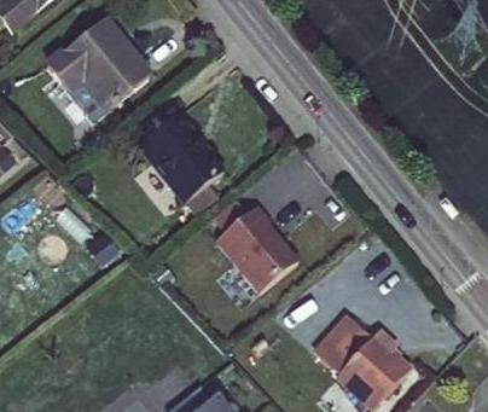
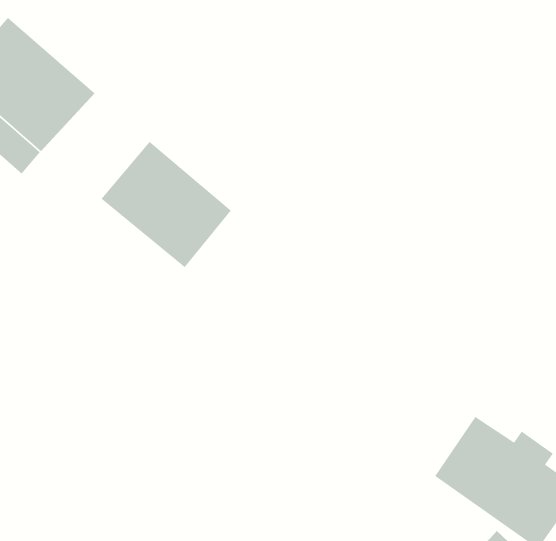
building: [214,203,295,289] -> none

